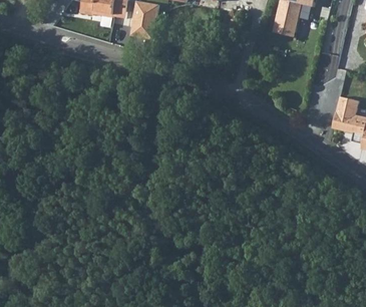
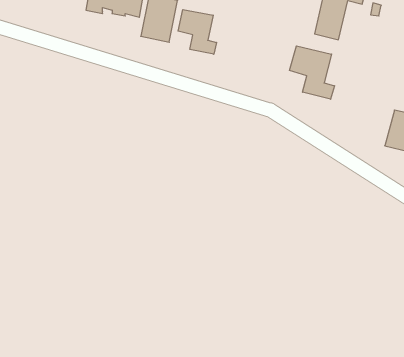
building: none -> [178,10,217,54]
building: none -> [290,46,335,99]

